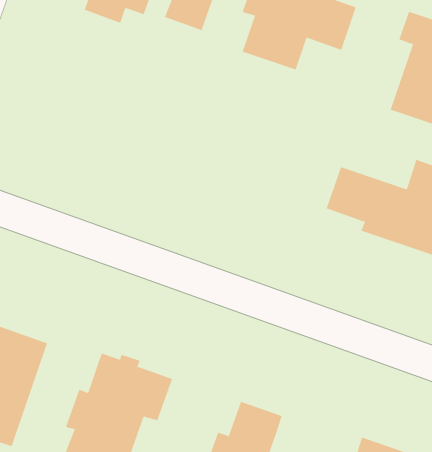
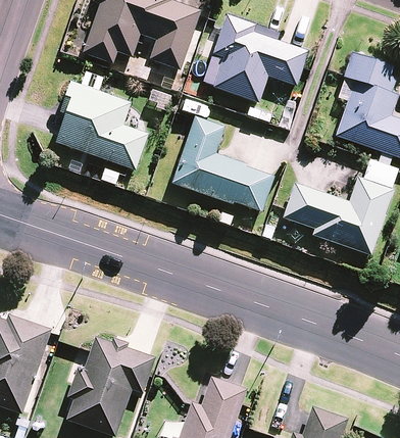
building: none -> [54,82,148,171]
building: none -> [170,116,272,212]

